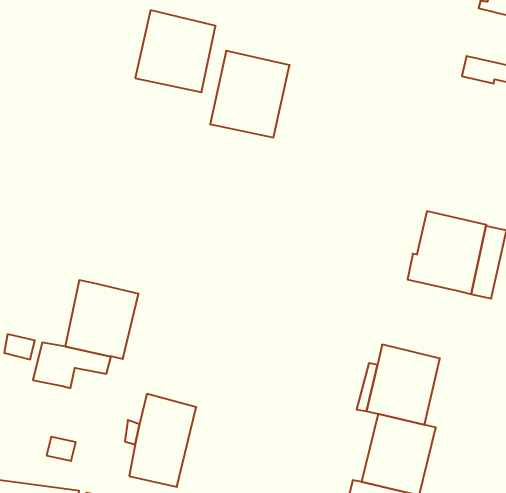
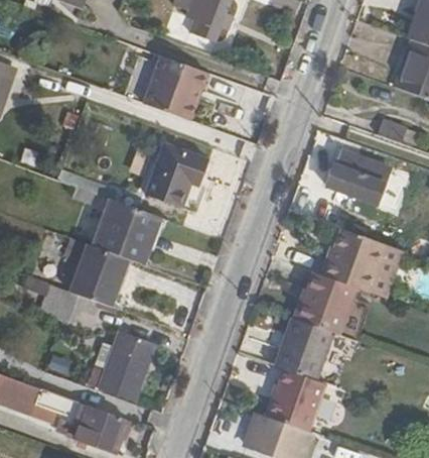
building: [210,51,290,137] -> [147,143,209,210]
building: none -> [330,151,391,205]
building: none -> [94,200,159,266]
building: none -> [299,273,356,335]

